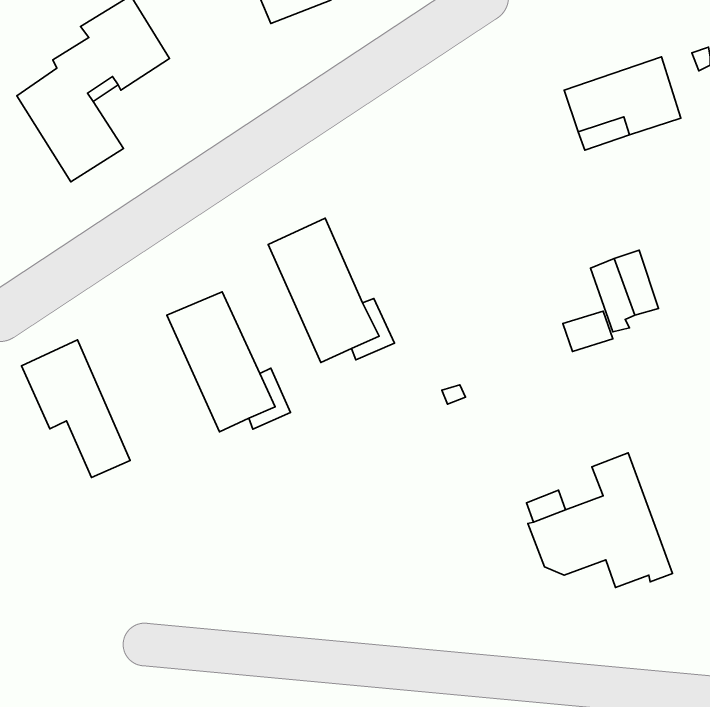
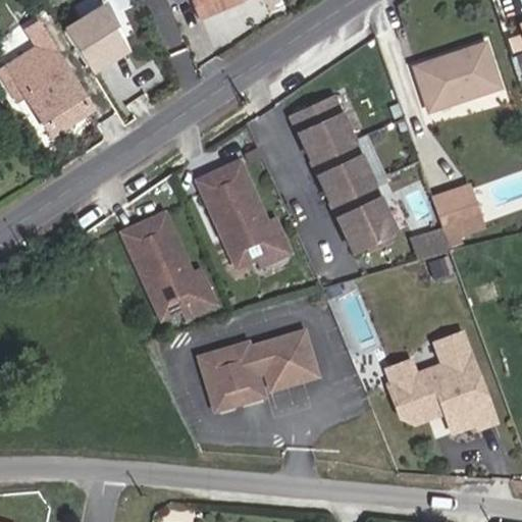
building: none -> [291,96,396,251]
building: [21,340,130,477] -> none
building: none -> [199,331,316,409]

